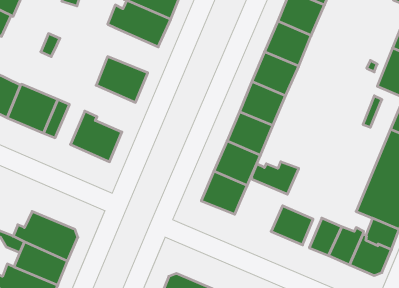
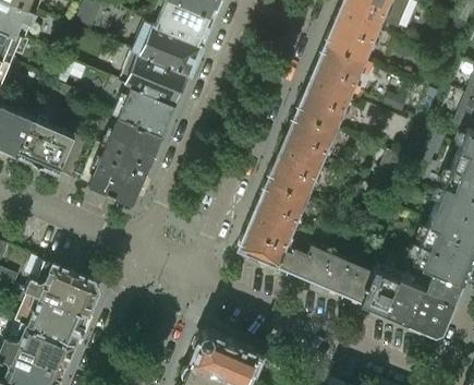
building: none -> [117,49,189,105]
building: none -> [105,119,162,172]
building: [251,162,299,194] -> [276,249,330,286]

